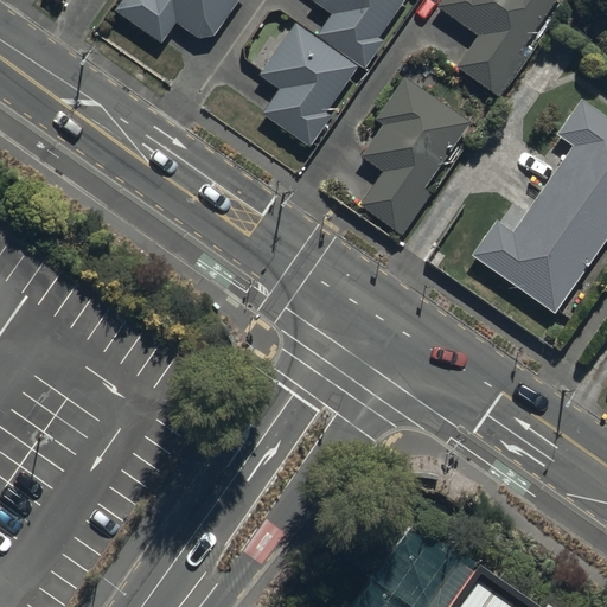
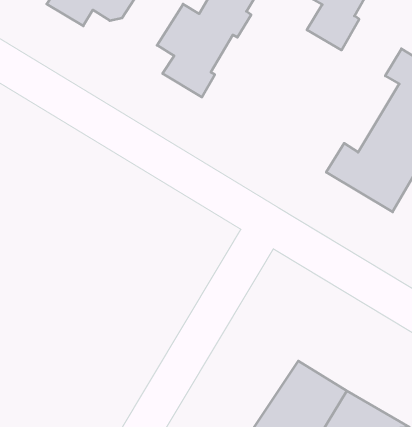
building: [358,77,469,237] -> none

